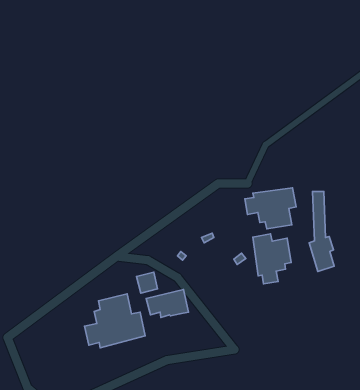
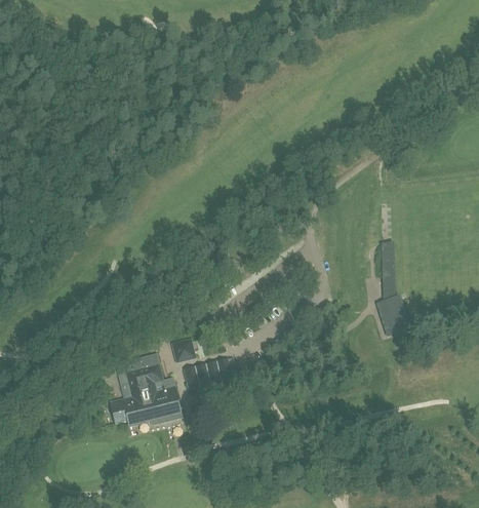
building: [245,188,296,229] -> none
building: [253,234,291,284] -> none

